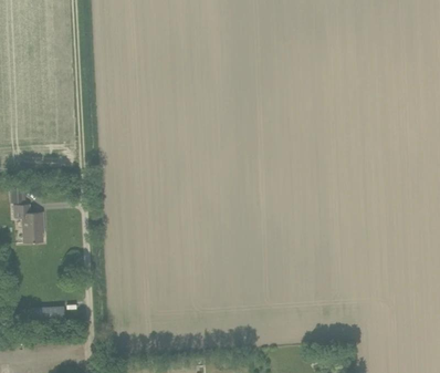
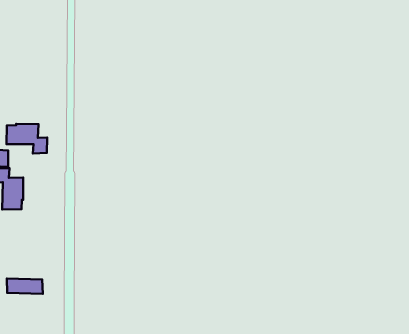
building: none -> [6,124,47,153]

